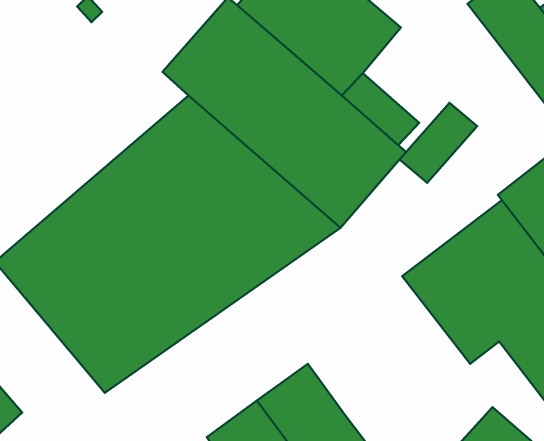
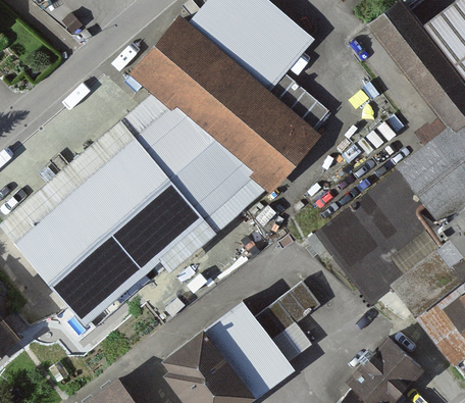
building: [399,103,477,183] -> none
building: none -> [255,283,321,343]

